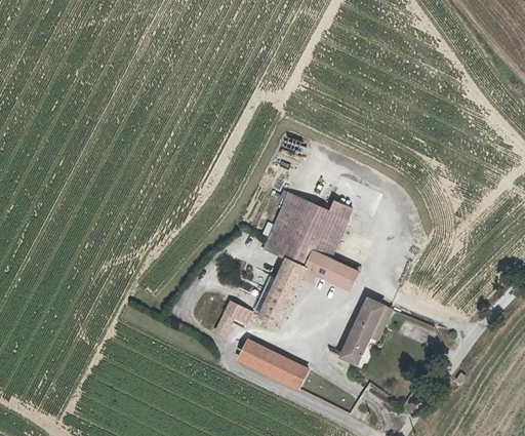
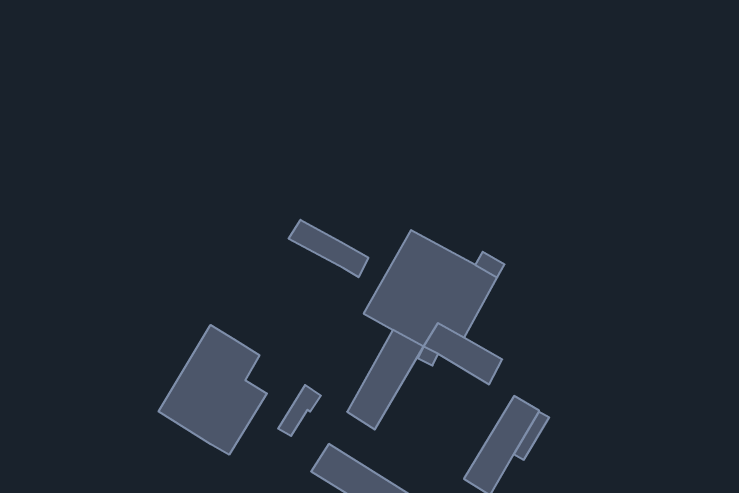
building: none -> [289,220,368,277]
building: none -> [159,325,267,455]

